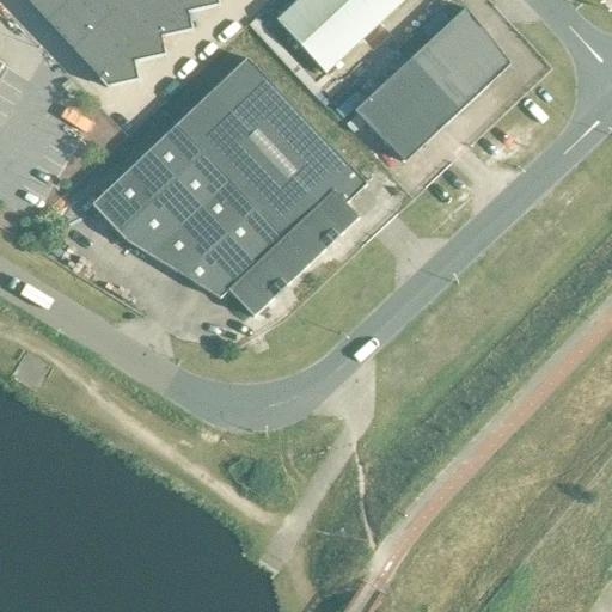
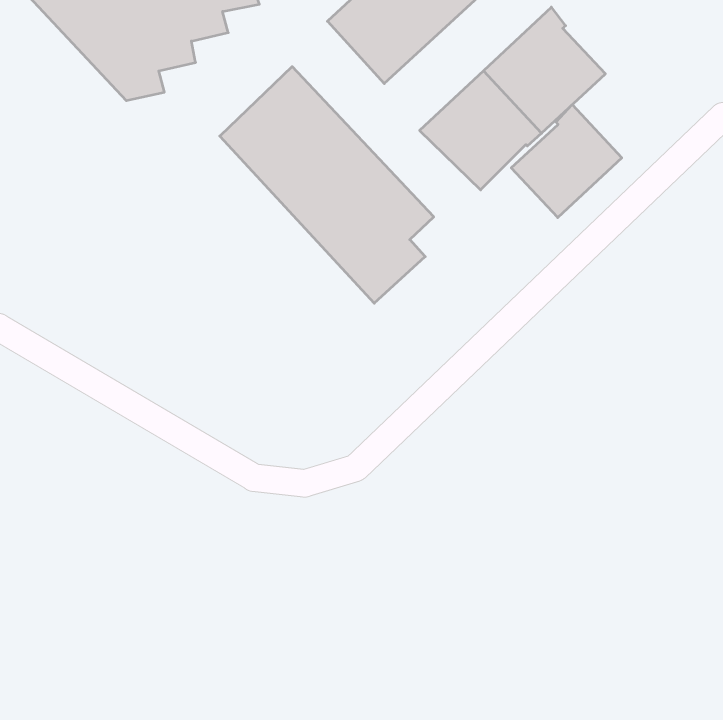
building: none -> [511,105,622,218]
building: [91,115,316,316] -> none

